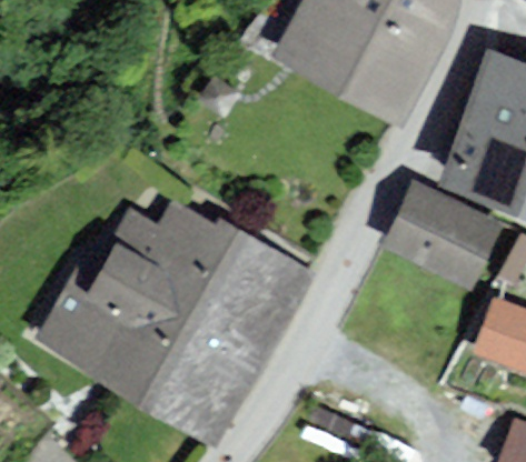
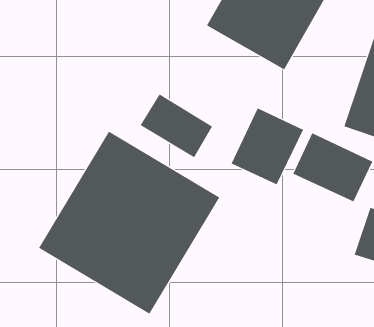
building: none -> [140,93,213,158]
building: none -> [231,108,304,185]

